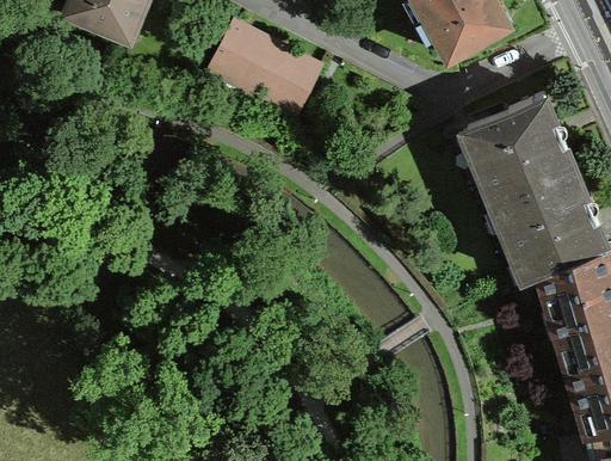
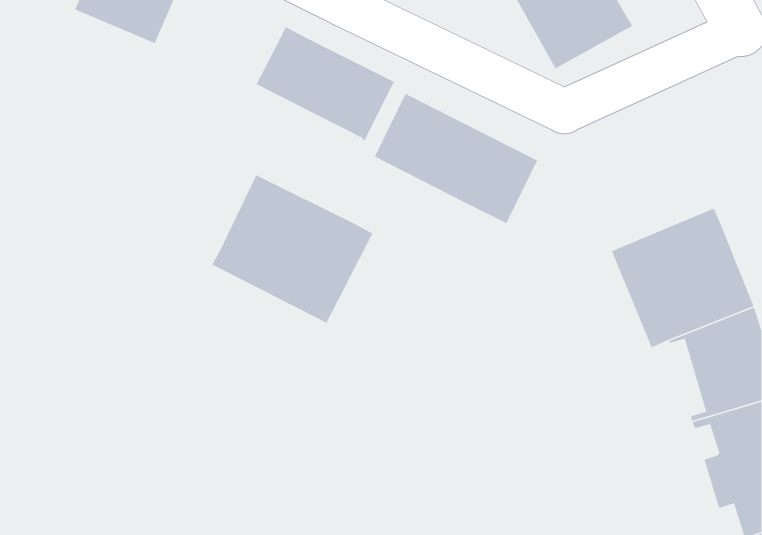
building: none -> [374,93,538,224]
building: [464,96,572,204] -> none
building: none -> [211,174,373,324]

